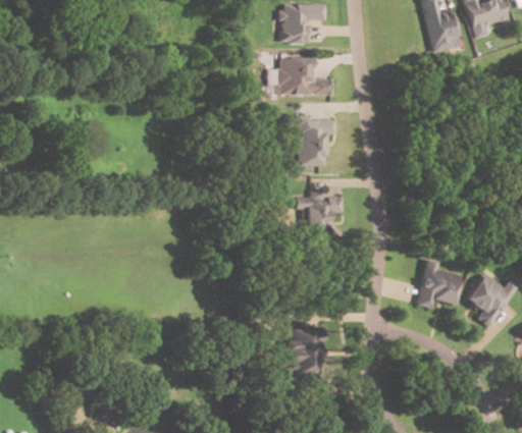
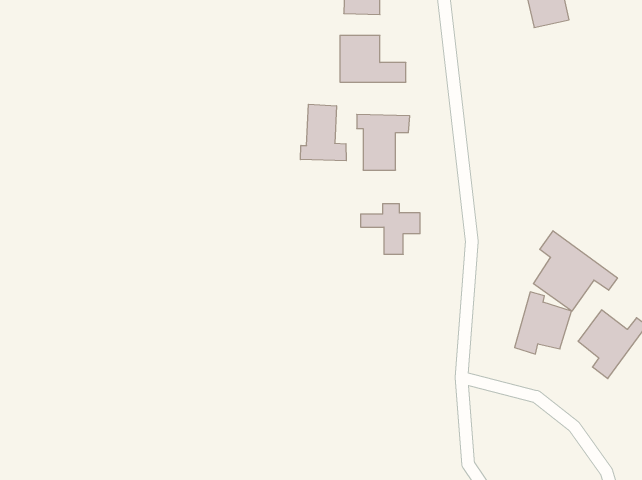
building: none -> [300,104,346,161]
building: none -> [533,231,617,311]
building: [288,327,324,373] -> none

